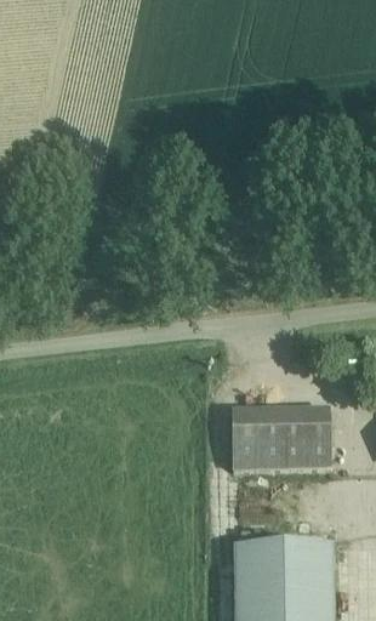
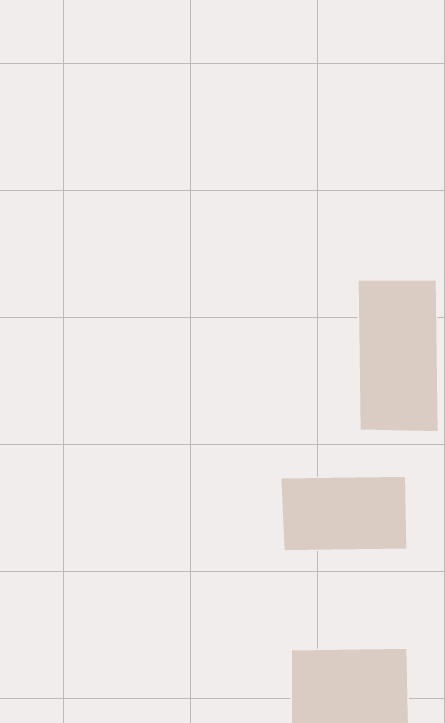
building: none -> [358,280,439,432]

